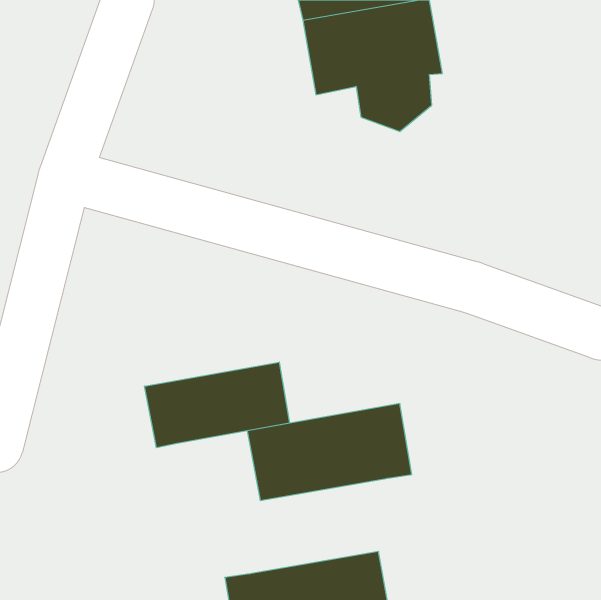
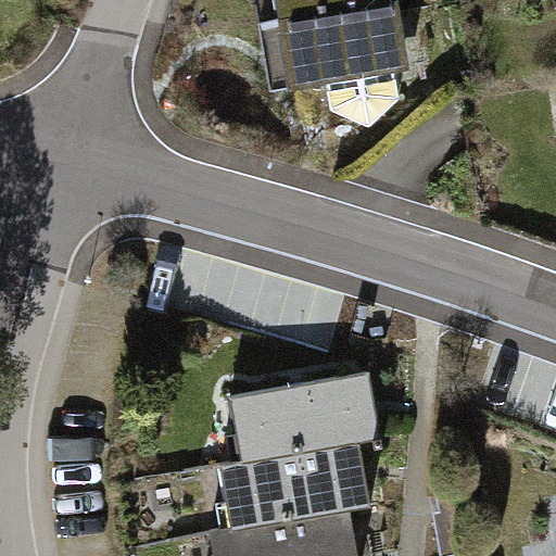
building: [145,362,290,448] -> none
building: none -> [218,443,368,531]

